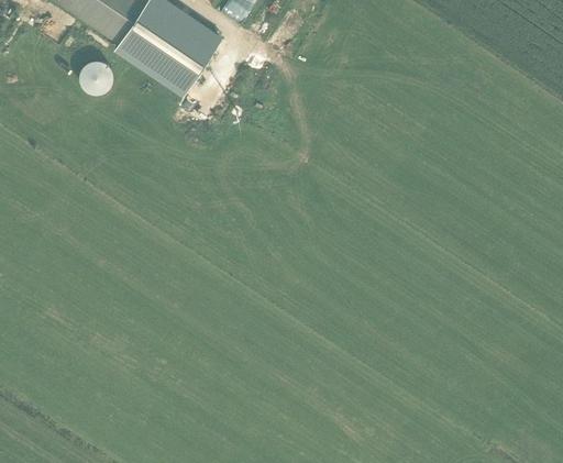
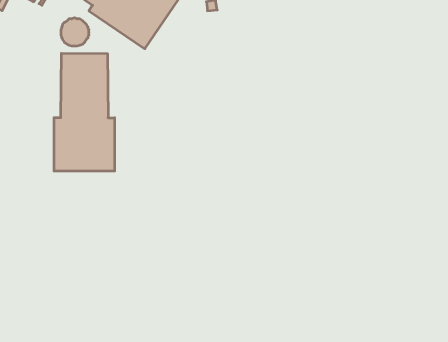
building: none -> [54,53,115,171]

